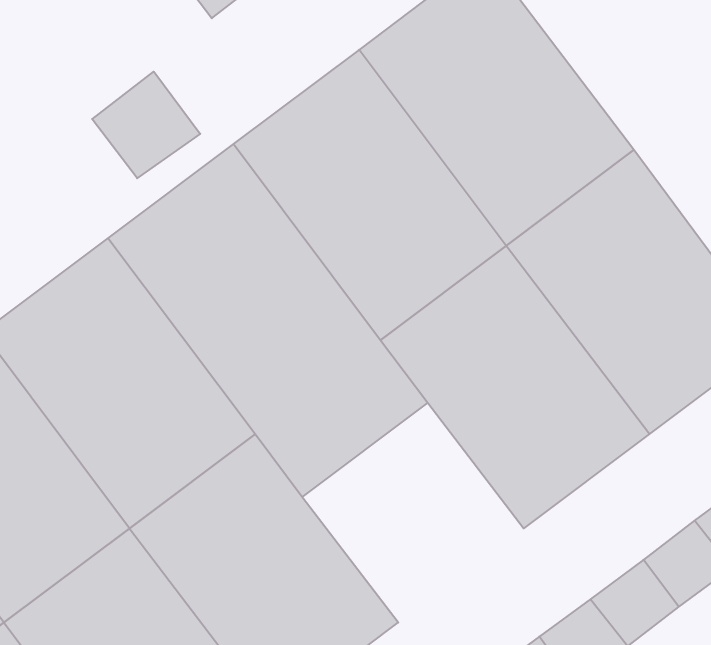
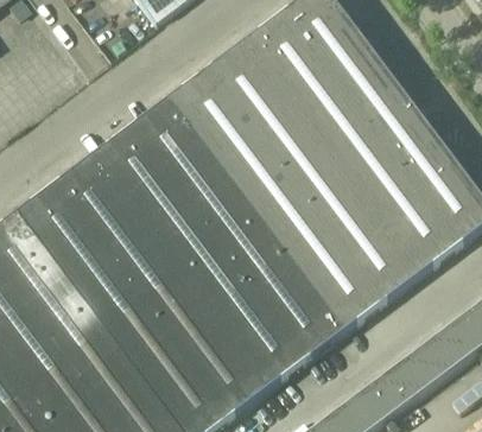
building: [92,72,200,178] -> none
building: none -> [210,254,344,387]

